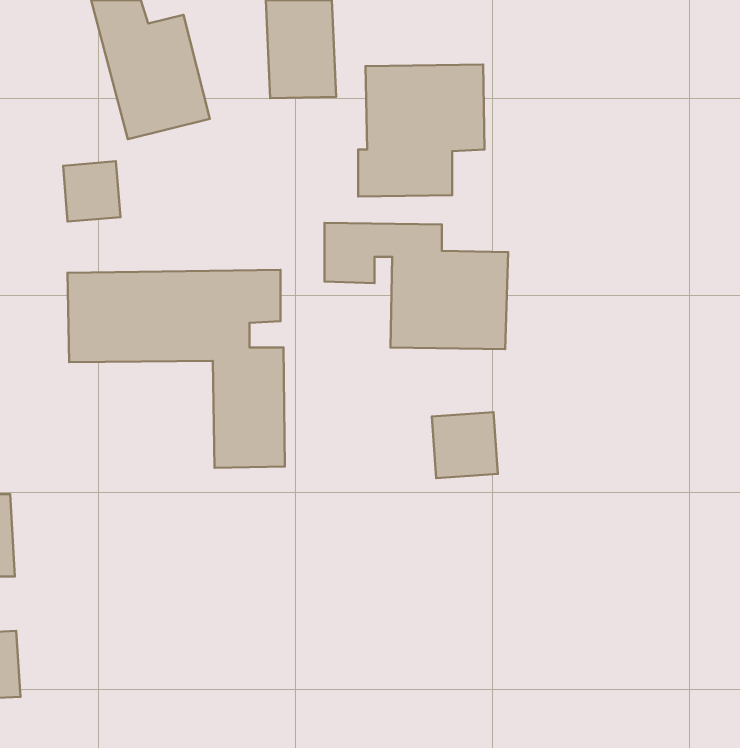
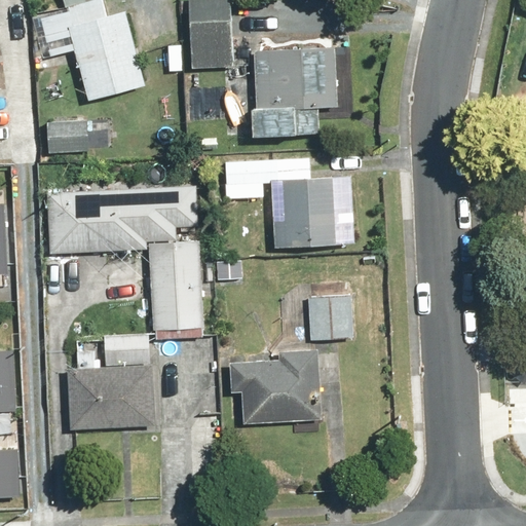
building: none -> [67,335,152,433]
building: none -> [231,350,326,421]

